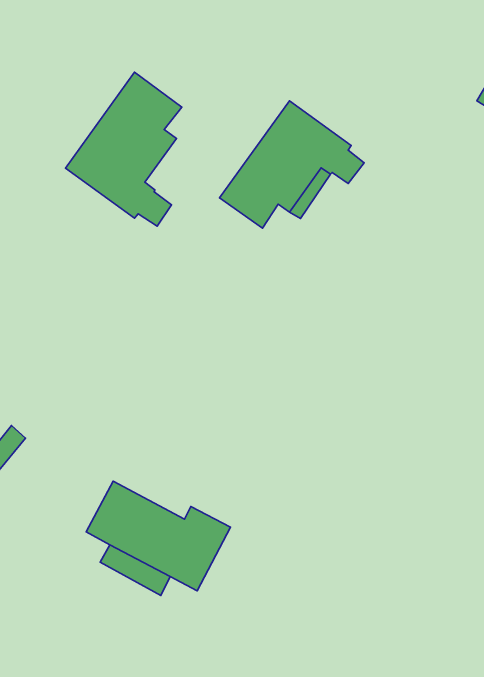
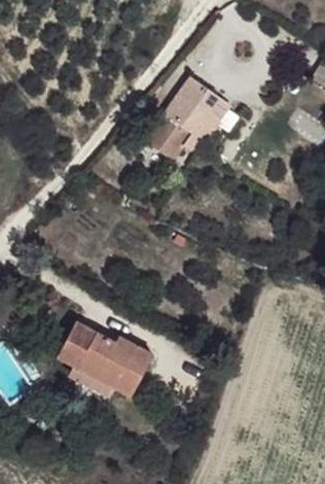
building: [66,72,182,226] -> none

